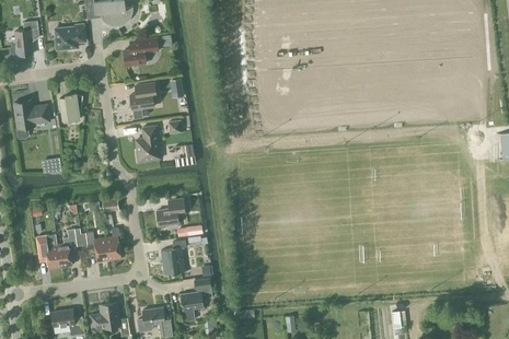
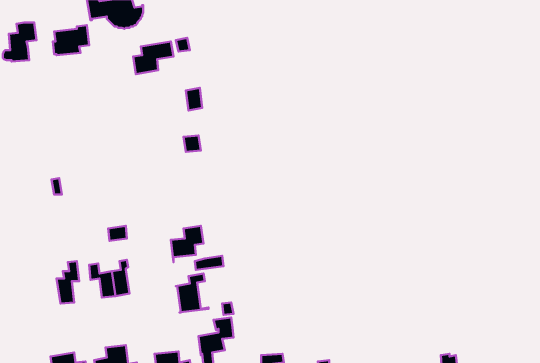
building: [129,83,155,119] -> none
building: [59,93,82,122] -> none
building: [13,101,49,139] -> none
building: [136,126,160,163] -> none
building: [36,235,60,269] -> none

